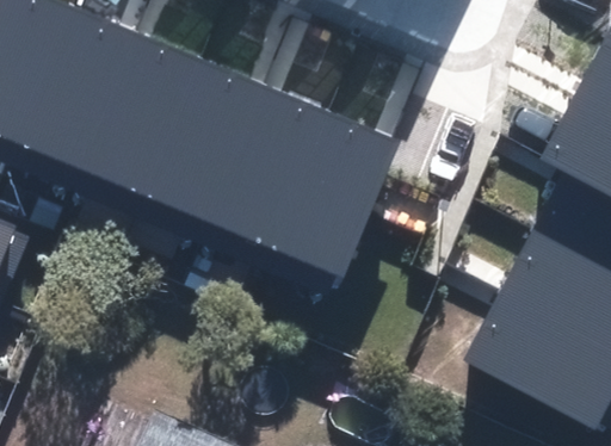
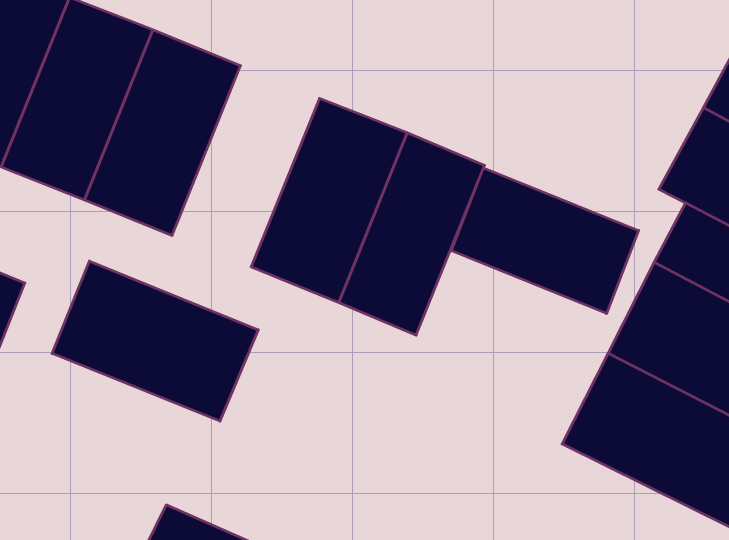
building: [150,60,269,221] -> none
building: none -> [452,168,639,314]
building: none -> [52,261,258,421]

